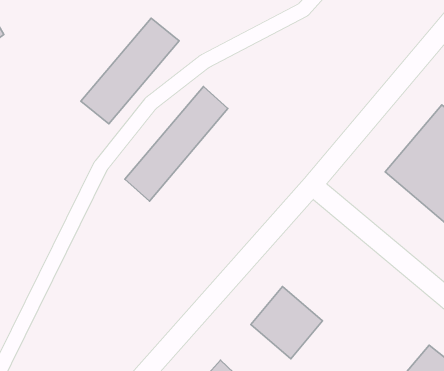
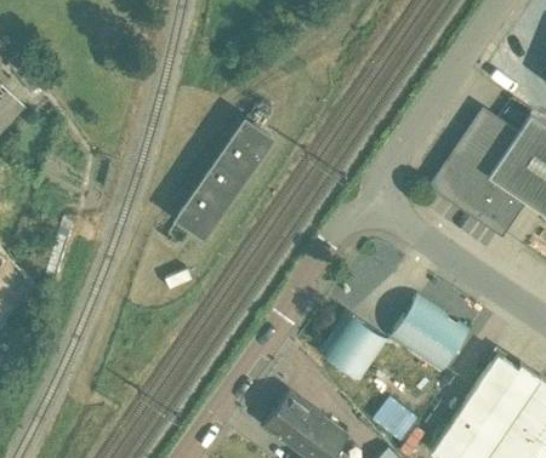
building: [81,18,179,124] -> none
building: none -> [387,296,468,373]

